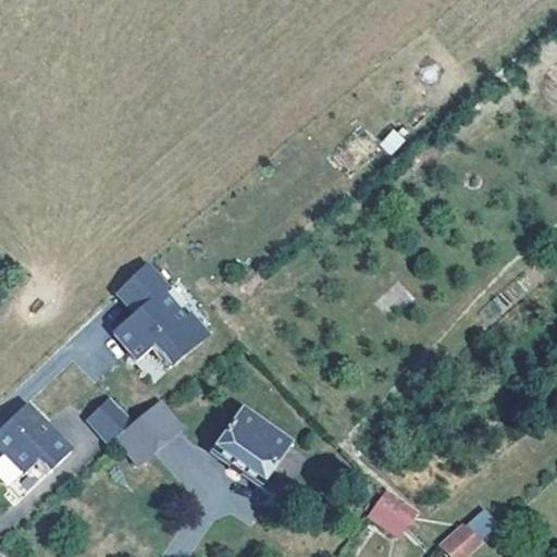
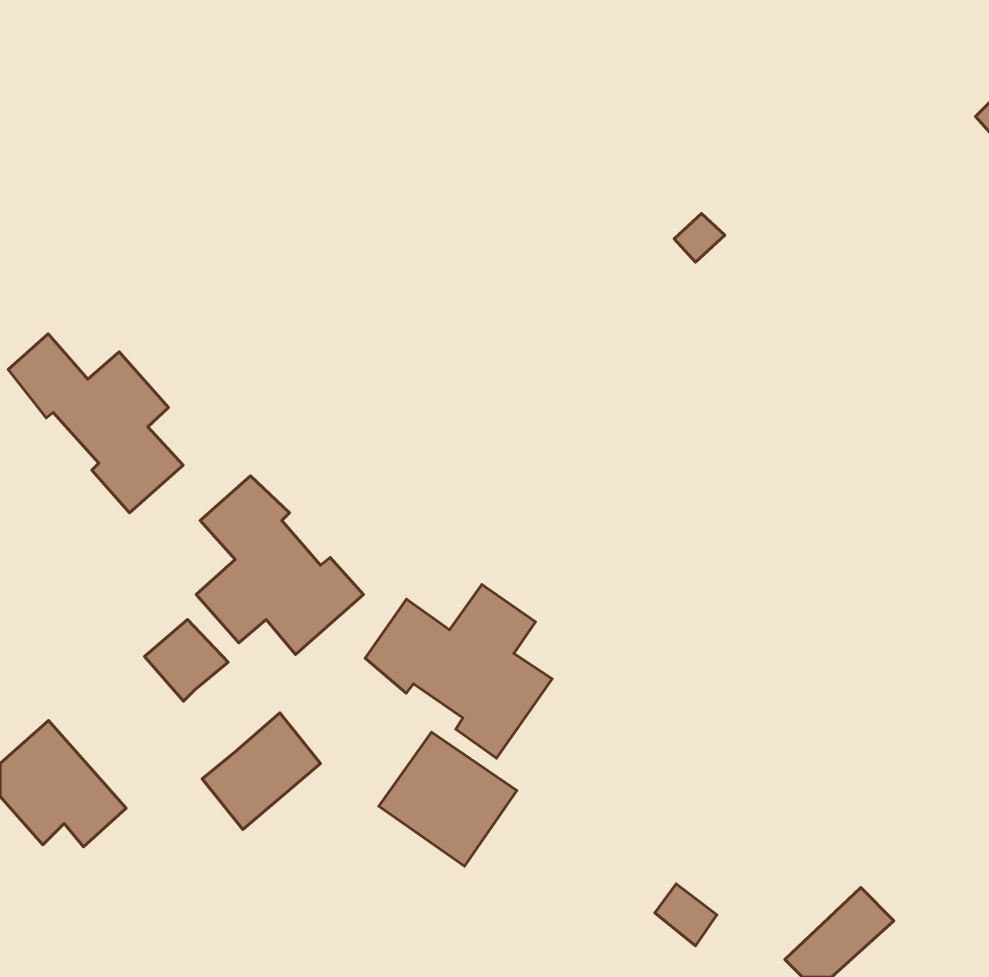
building: none -> [8,334,183,513]
building: none -> [365,585,552,758]
building: [87,397,134,443] -> [145,619,228,701]

